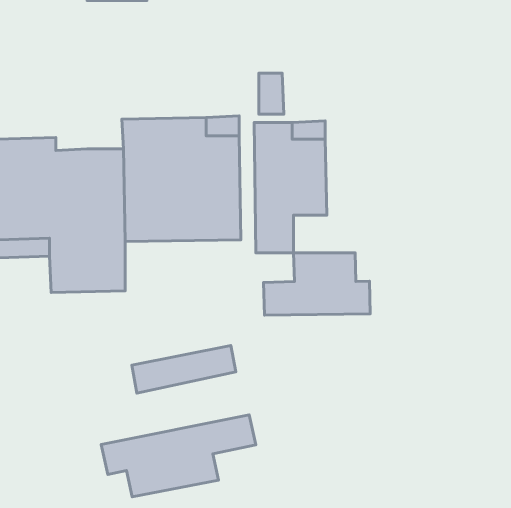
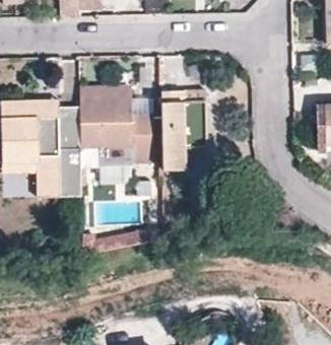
building: [264,253,370,315] -> none
building: [101,415,256,497] -> none

